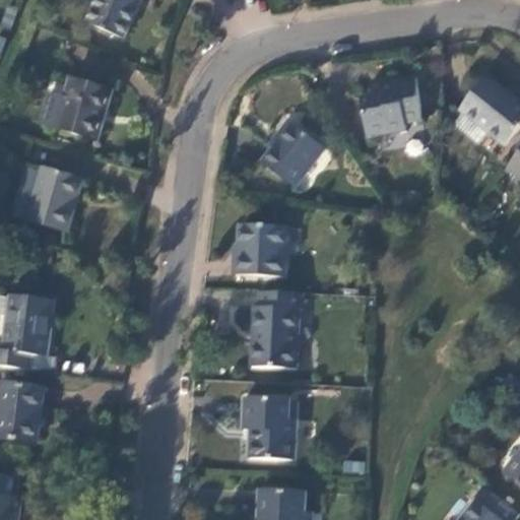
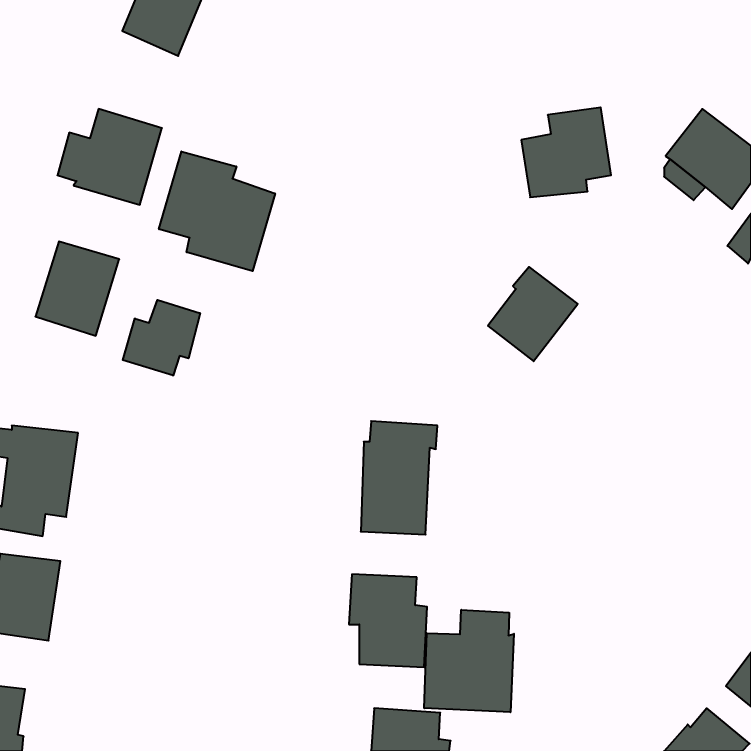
building: none -> [159,151,275,271]
building: [260,121,322,186] -> [488,267,578,361]
building: none -> [123,300,200,376]
building: [234,222,282,277] -> none
building: none -> [424,610,514,712]

